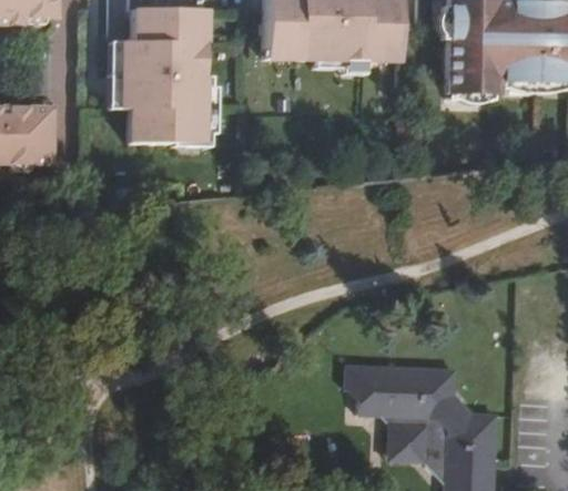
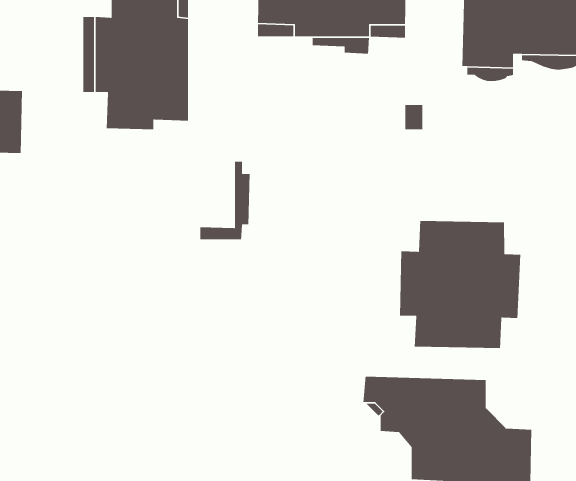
building: [168,75,213,146] -> [200,161,250,240]
building: none -> [399,220,521,349]

